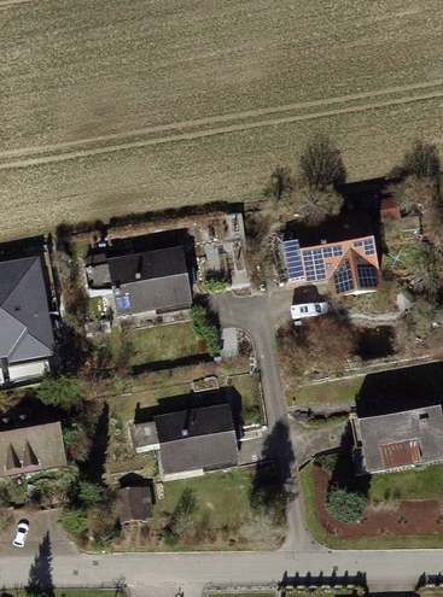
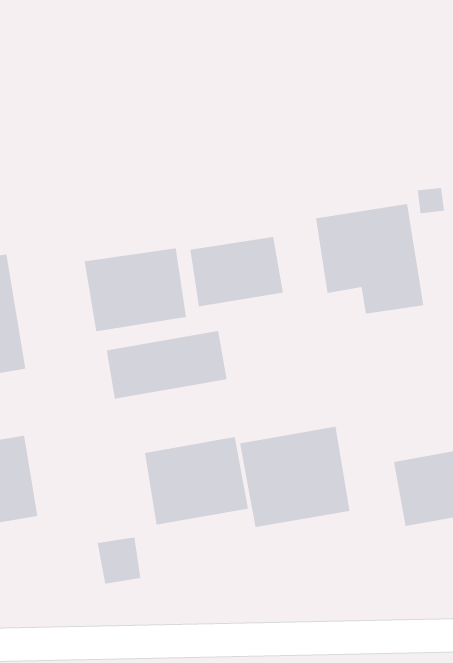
building: none -> [190,236,283,307]
building: none -> [106,330,227,400]
building: none -> [239,426,350,528]

